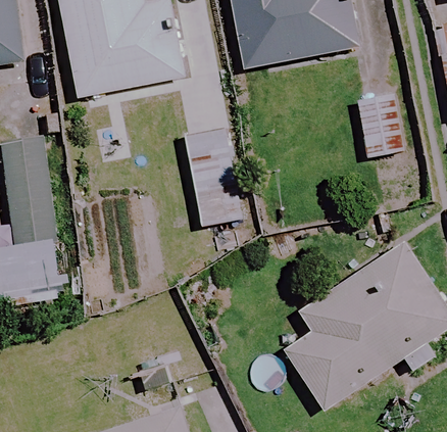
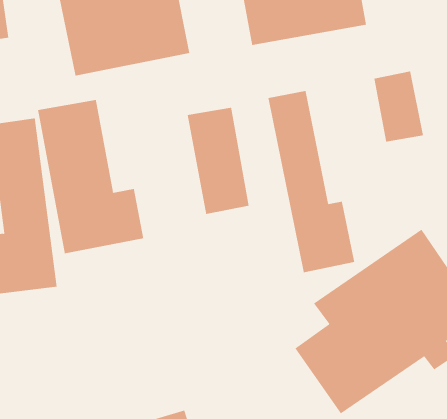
building: none -> [268,90,355,273]
building: none -> [37,99,144,254]

